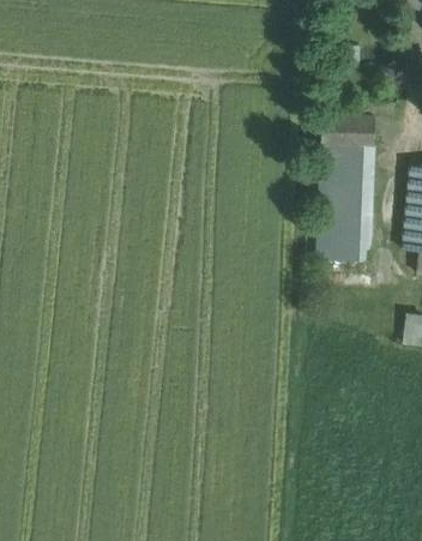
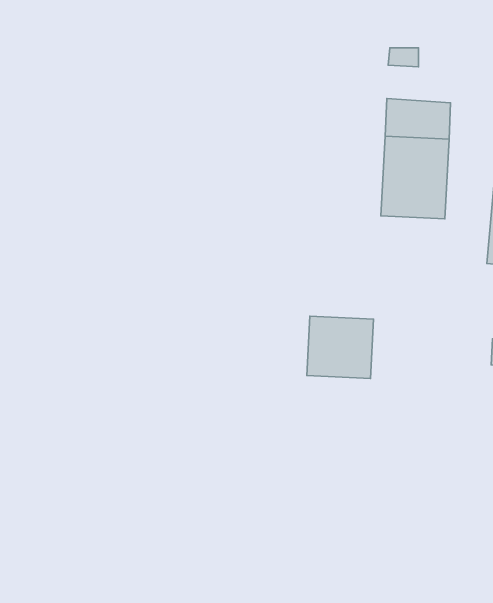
building: [314,210,369,262] -> [307,316,373,378]

